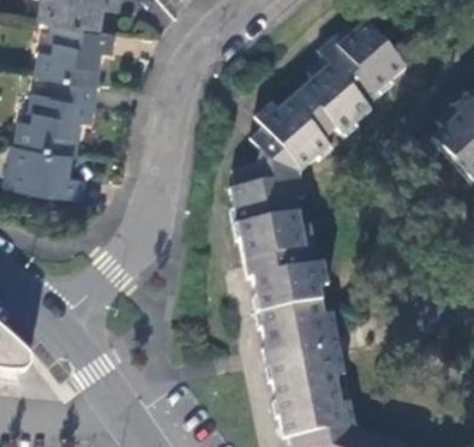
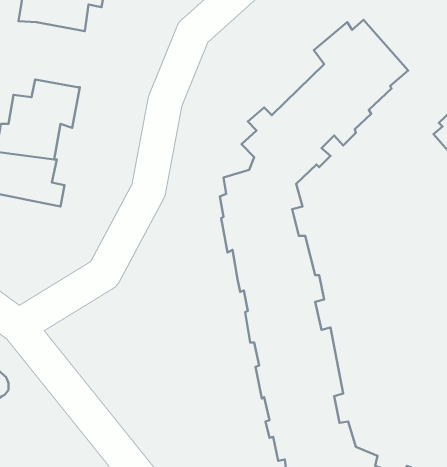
building: [37,24,113,85] -> none

